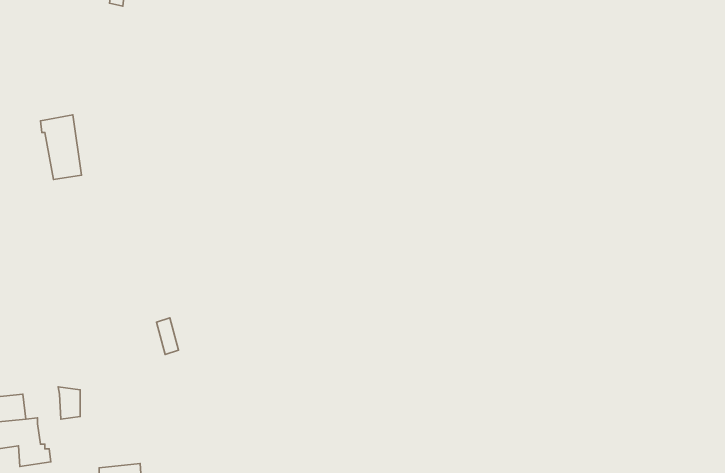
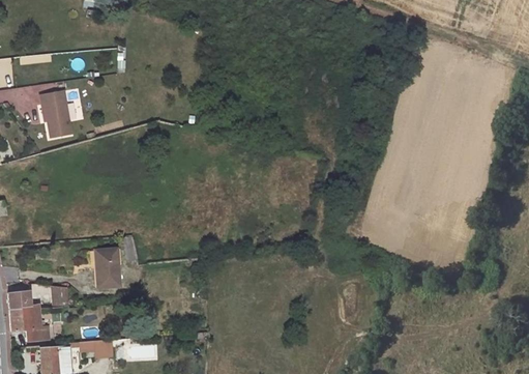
building: none -> [90,249,119,288]

